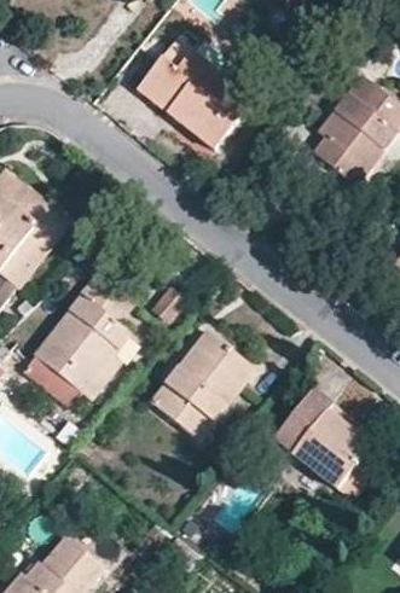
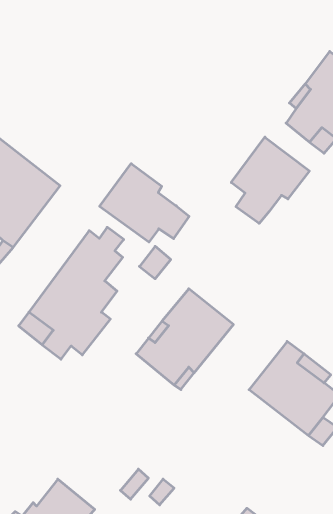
building: [135,40,249,149] -> none
building: none -> [231,137,309,223]
building: none -> [100,164,189,242]

